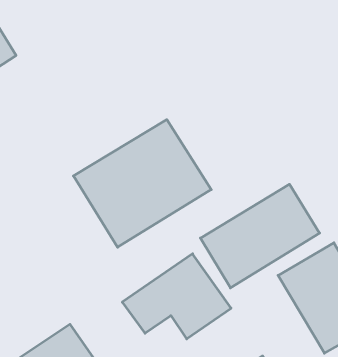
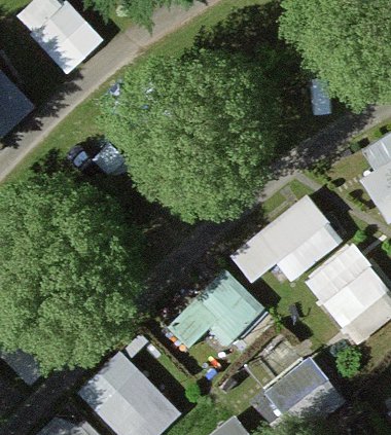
building: [73,120,211,247] -> none

